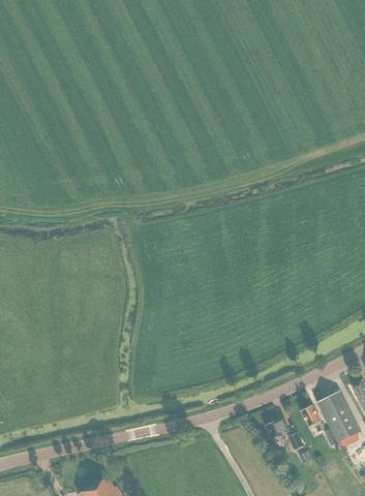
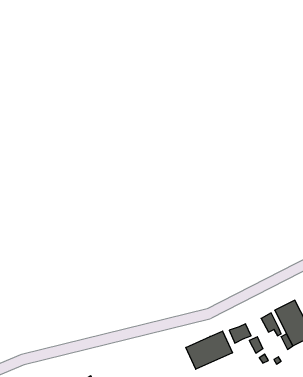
building: none -> [186,331,232,369]

